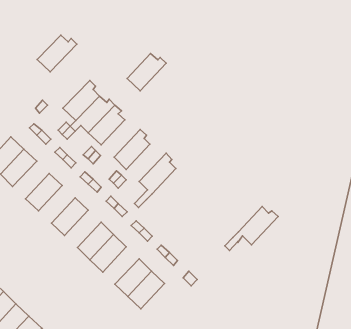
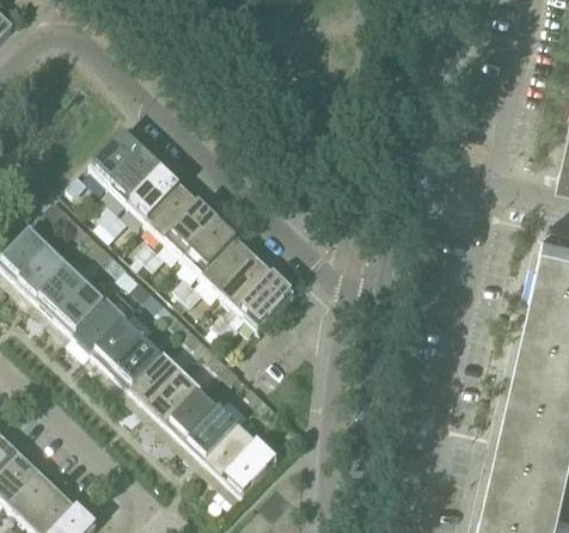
building: [37,35,77,72] -> [90,131,148,185]
building: [127,53,166,91] -> [165,202,222,257]
building: none -> [202,238,261,293]
building: none -> [35,263,88,318]
building: none -> [73,289,136,354]
building: [225,207,278,251] -> [220,274,299,338]
building: none -> [111,335,165,390]
building: none -> [167,388,221,443]
building: none -> [224,442,279,498]

